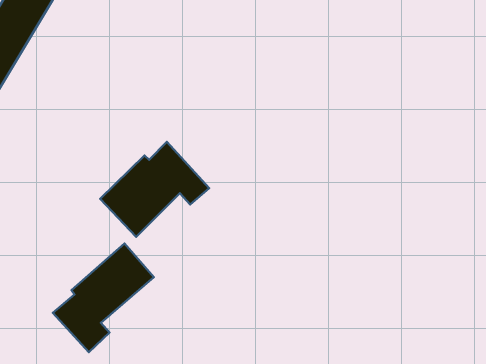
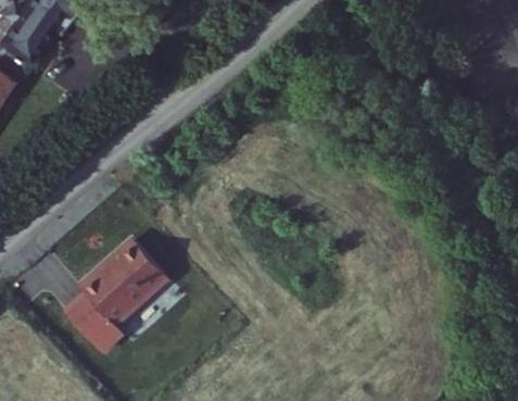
building: [100,142,209,237] -> none

